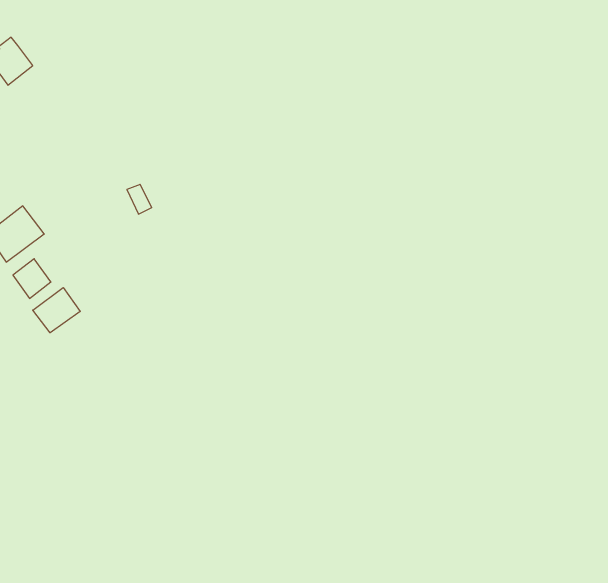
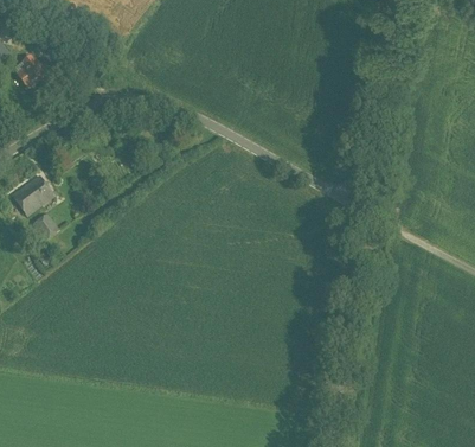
building: [33,288,80,333] -> none

